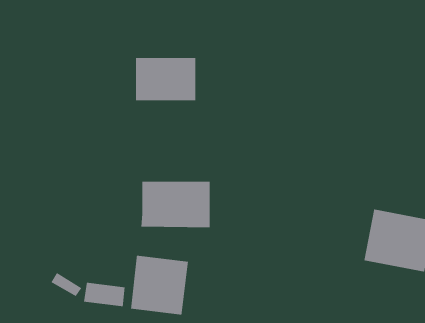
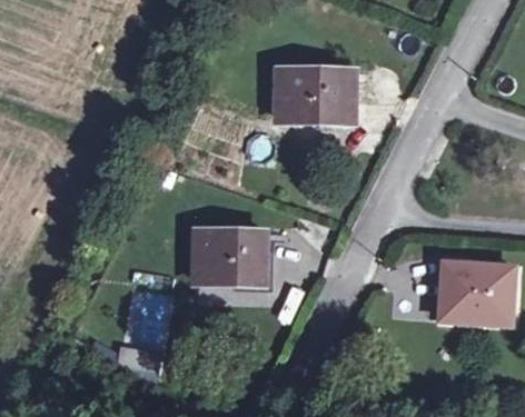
building: [135,57,196,101] -> [278,70,347,119]
building: [131,255,189,316] -> none

